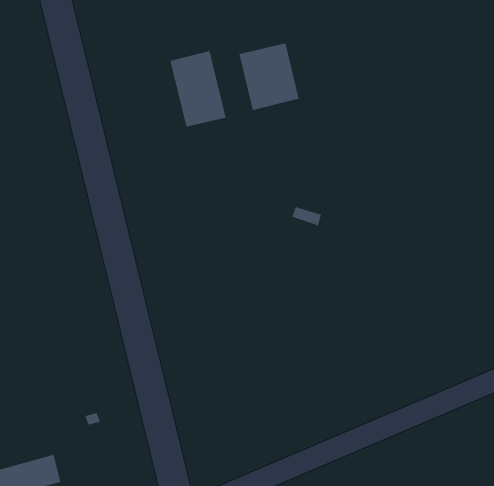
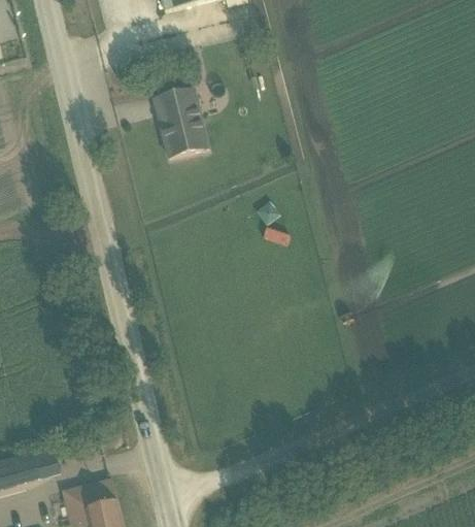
building: [239,43,299,111] -> none

